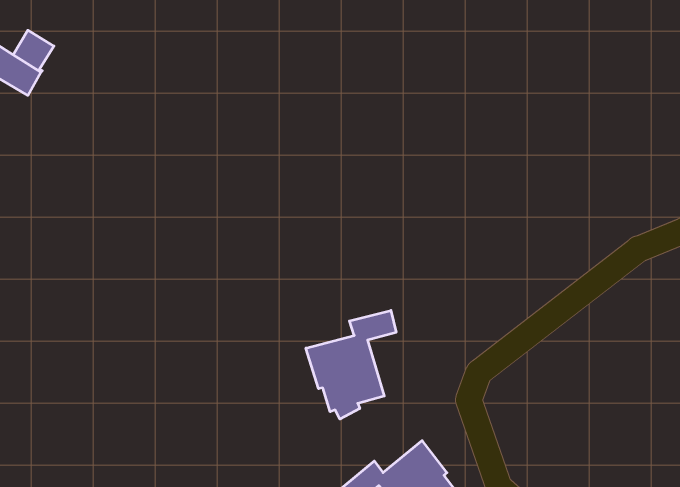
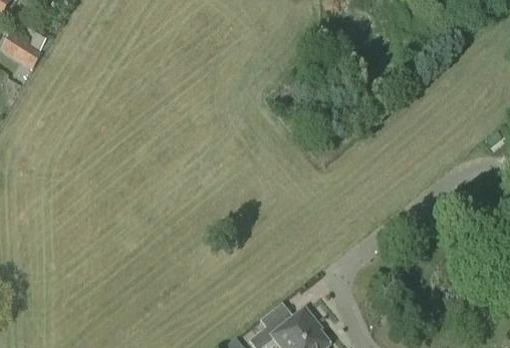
building: [306,310,396,419] -> none

